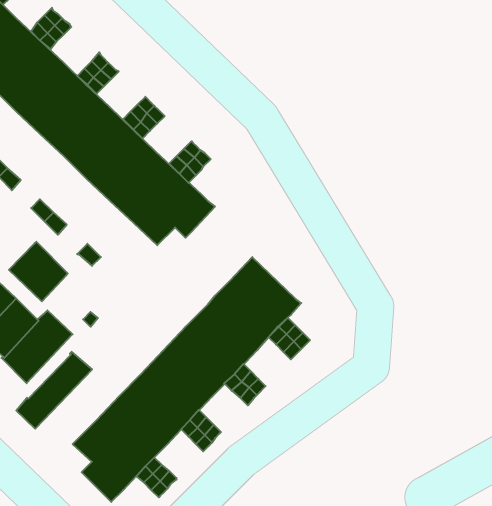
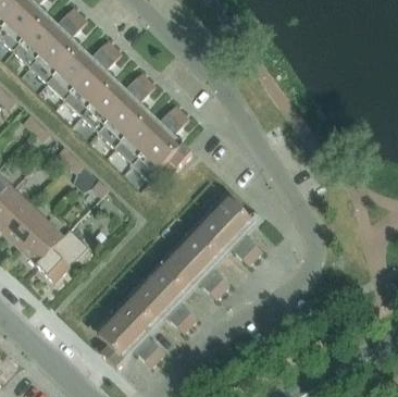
building: [9,242,68,301] -> none
building: [16,352,92,429] -> none

